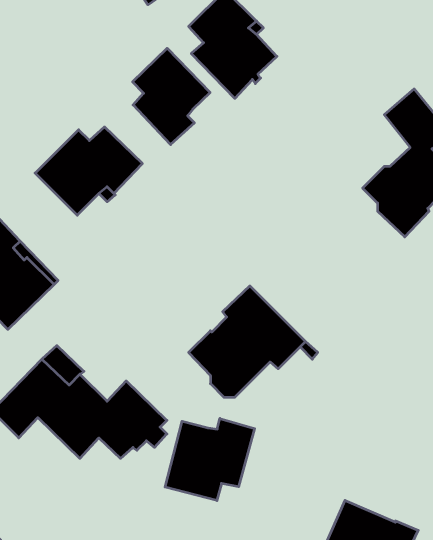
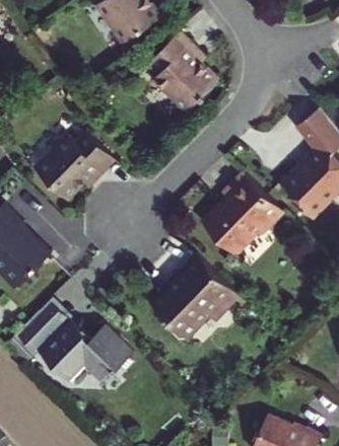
building: [133,48,210,145] -> none
building: none -> [204,172,284,253]
building: [165,418,255,501] -> none

